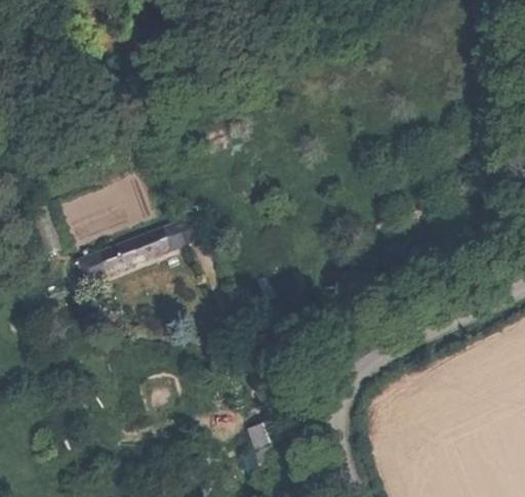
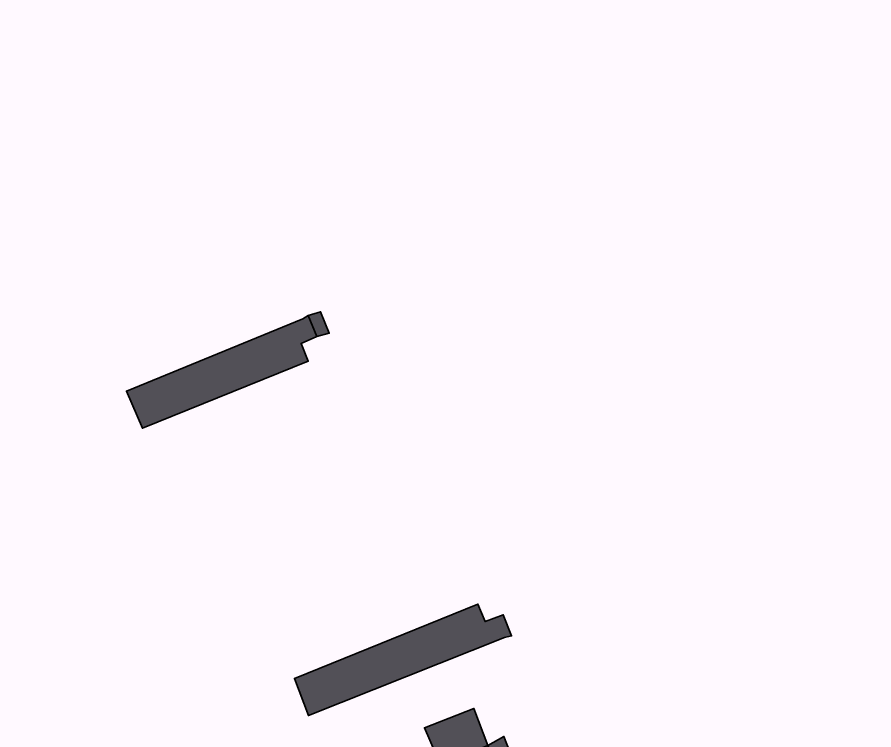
building: none -> [294,604,511,716]

